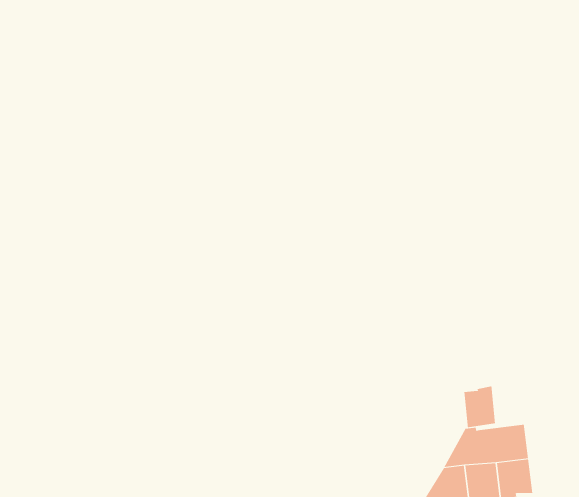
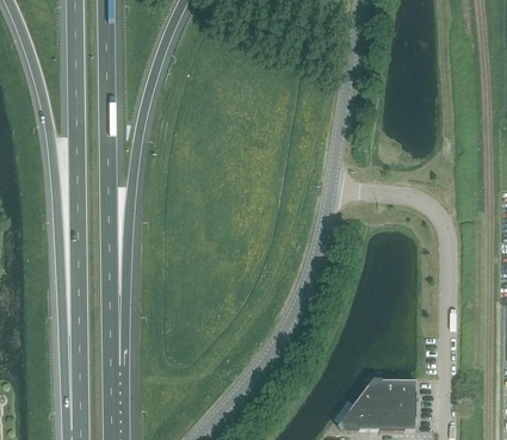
building: [464,385,496,428] -> none

